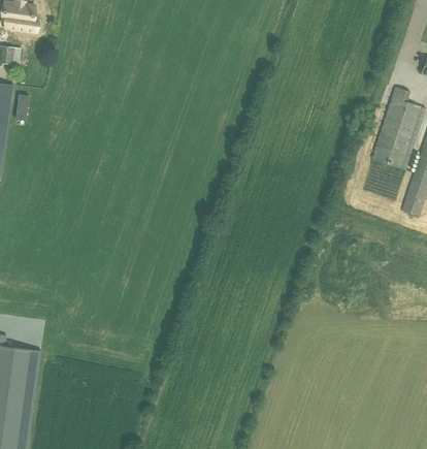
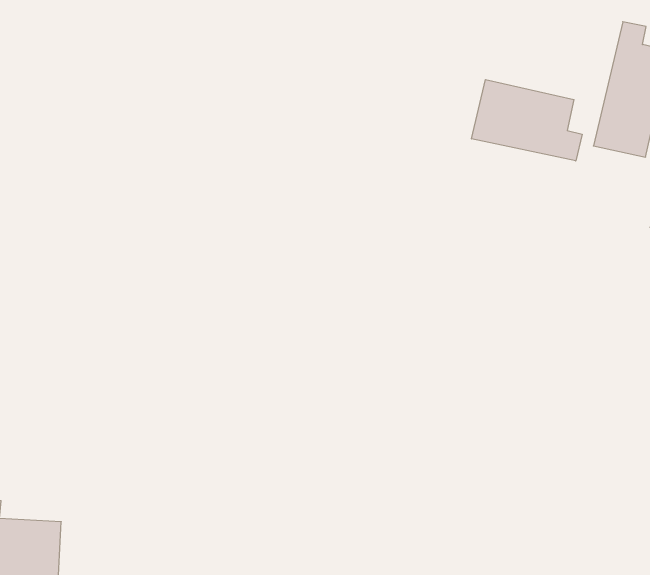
building: none -> [472,80,582,161]

